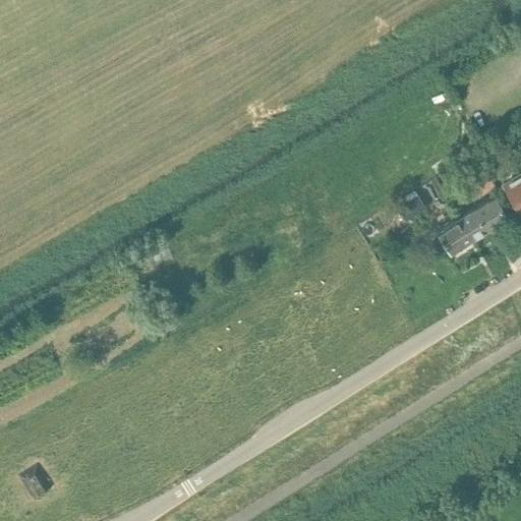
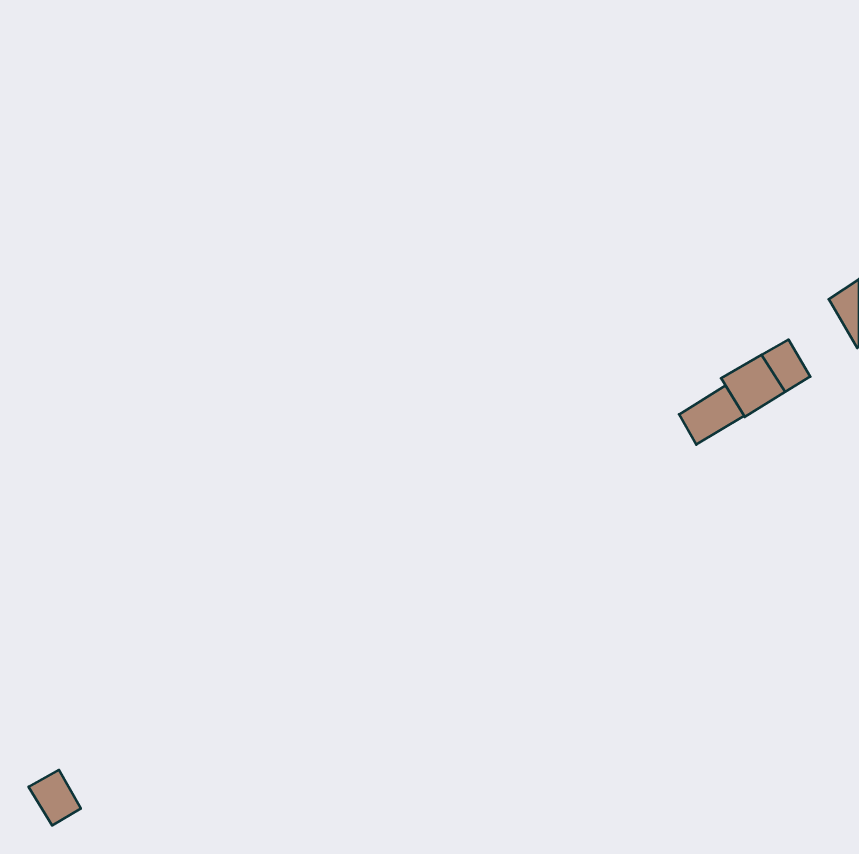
building: [477,198,507,231] -> none
building: none -> [679,385,744,445]

